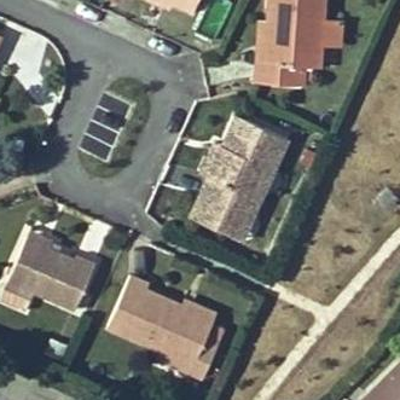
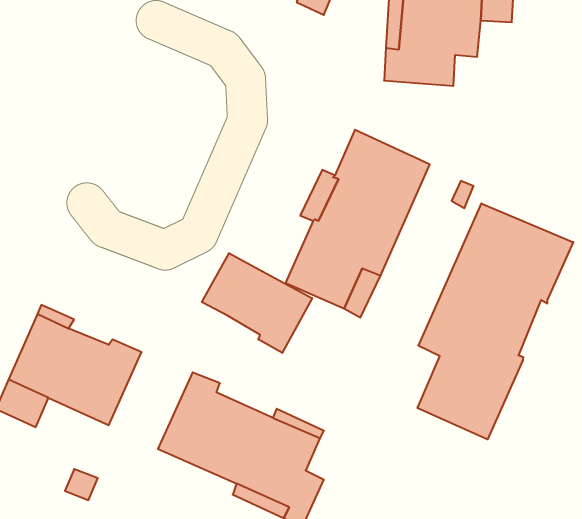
building: none -> [417,203,573,439]
building: none -> [202,253,312,353]

